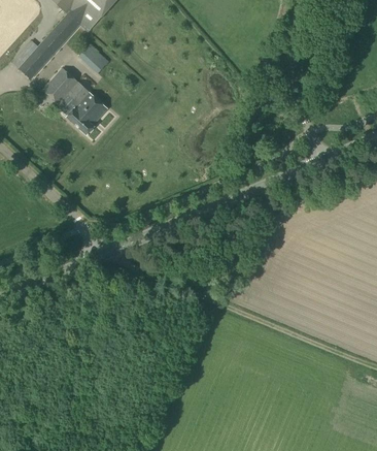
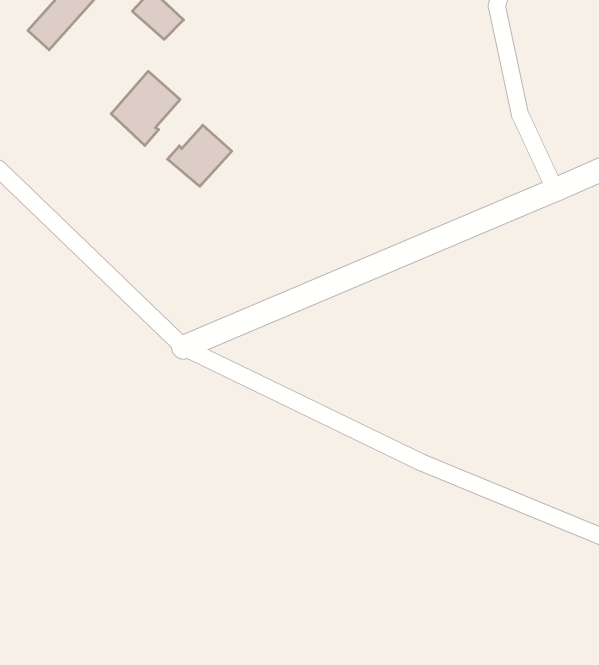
building: [44,64,89,111] -> none
building: none -> [167,125,232,186]

